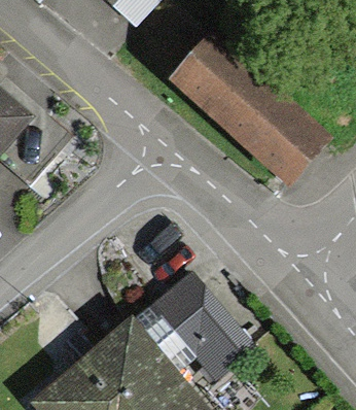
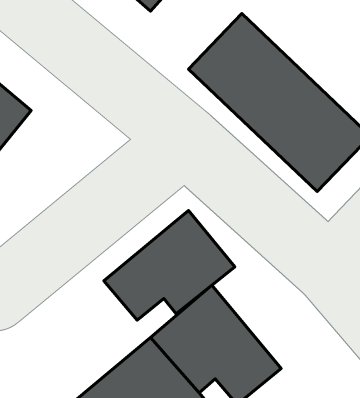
building: none -> [104,210,235,320]

